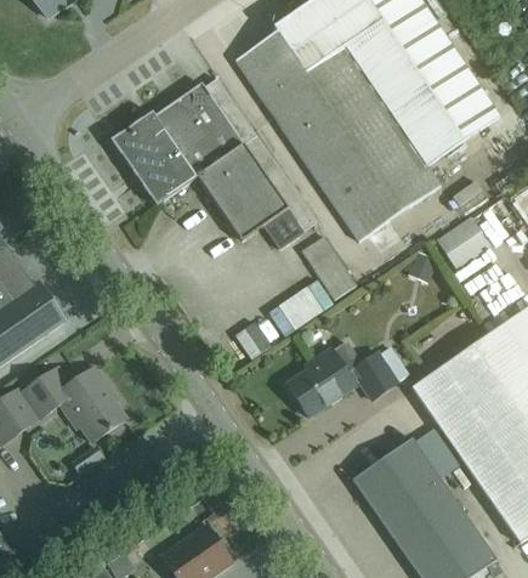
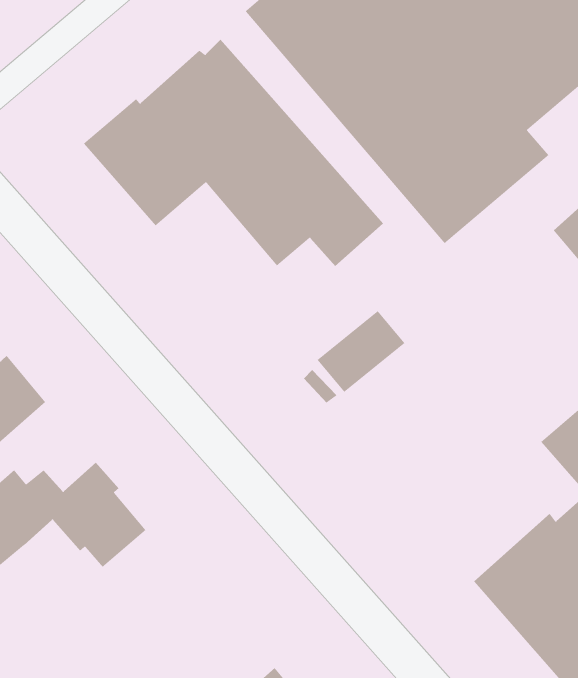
building: [294,234,347,297] -> none
building: [288,340,398,415] -> none

